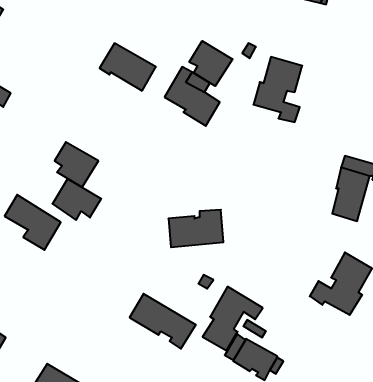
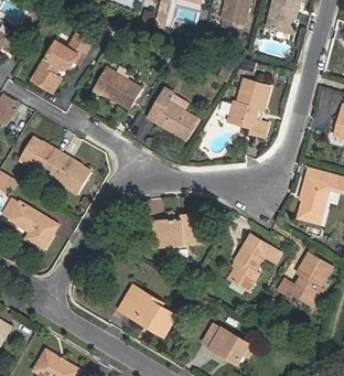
building: none -> [31,39,88,93]
building: [189,41,233,86] -> none
building: [52,179,101,220] -> [19,137,62,173]
building: [203,287,263,351] -> [227,234,280,290]

